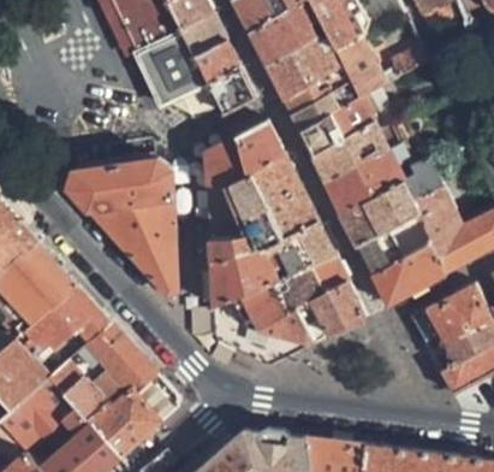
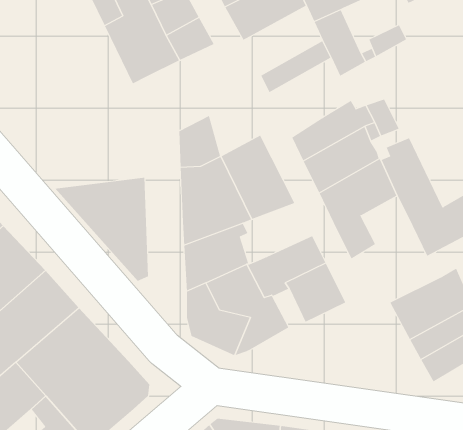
building: [268,30,345,98] -> none
building: [207,67,255,113] -> none
building: [293,81,373,158] -> none
building: [236,120,285,176] -> none
building: [69,159,173,207] -> none
building: [268,222,335,273] -> none
building: [373,243,446,306] -> none

